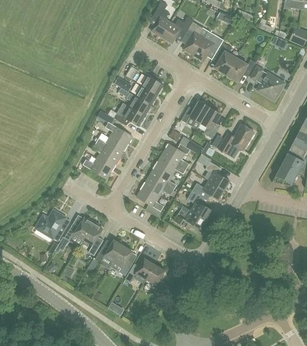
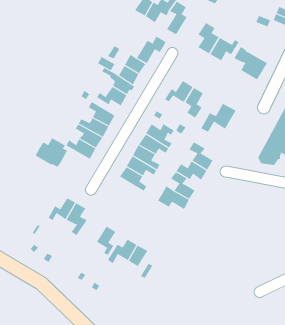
building: [193,33,223,61] -> [136,36,166,64]
building: [36,210,69,240] -> [35,137,68,168]
building: [95,240,123,269] -> none

